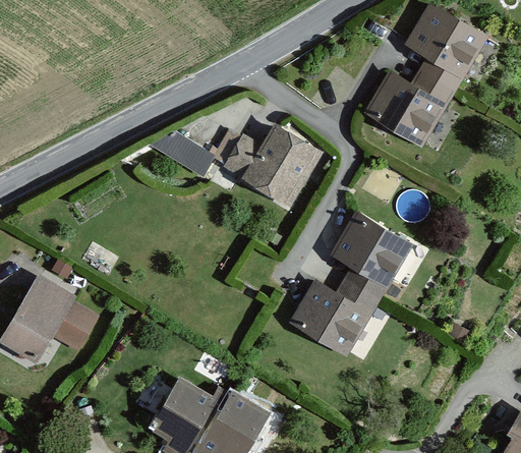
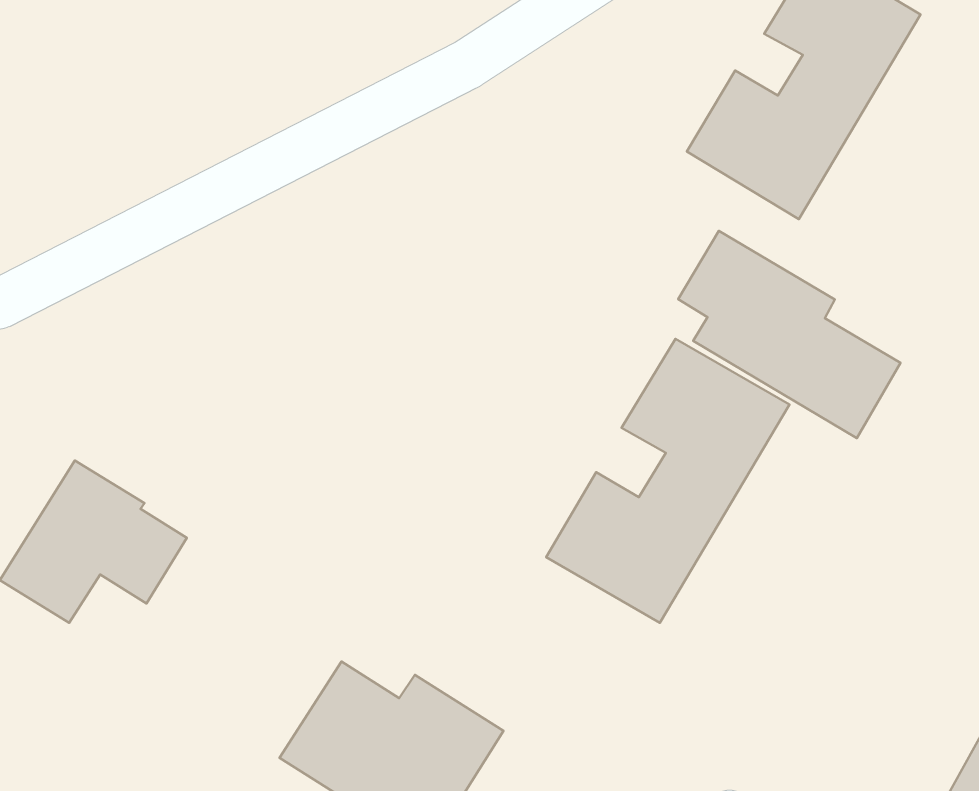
building: [208,125,322,208] -> none
building: none -> [678,231,900,438]

